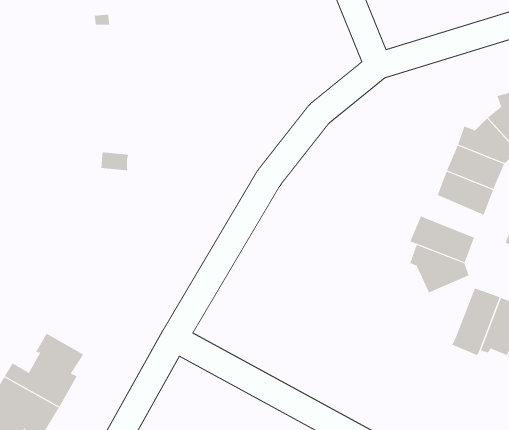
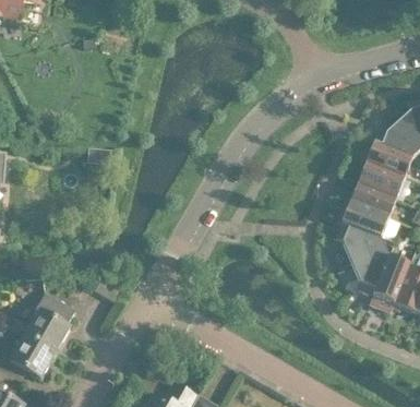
building: none -> [351,183,397,217]
building: none -> [352,248,389,296]

